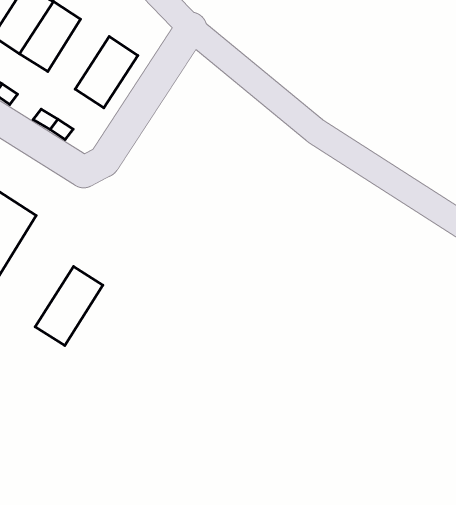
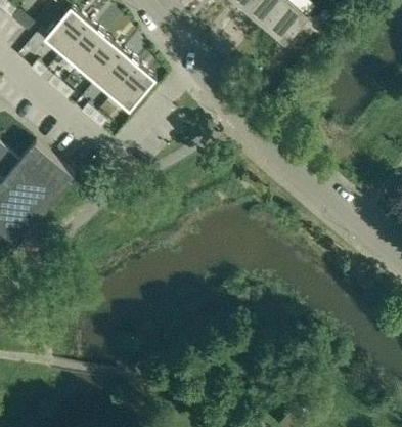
building: none -> [95,50,139,96]
building: [35,267,103,345] -> none

